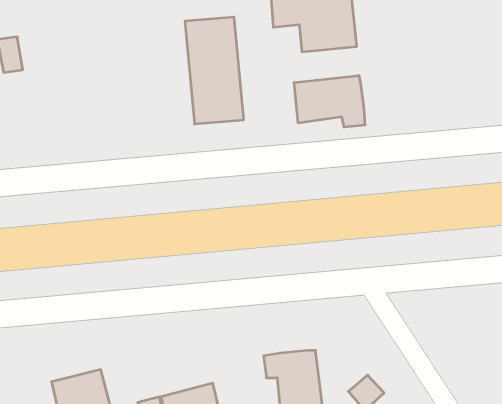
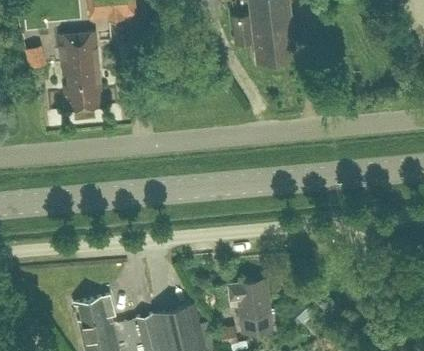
building: [185,17,244,124] -> [59,32,102,110]
building: [294,75,365,127] -> none

